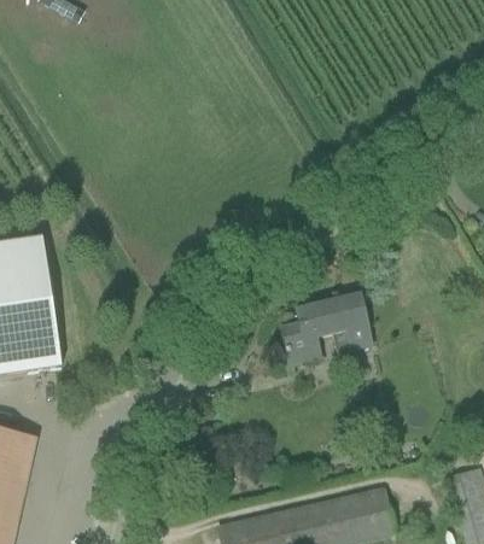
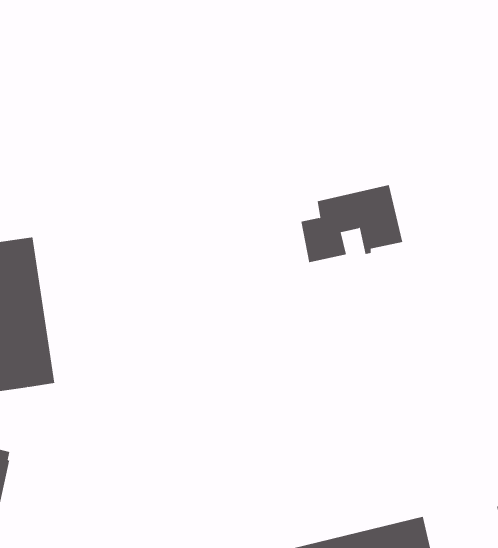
building: [284,293,374,362] -> [300,185,403,263]

